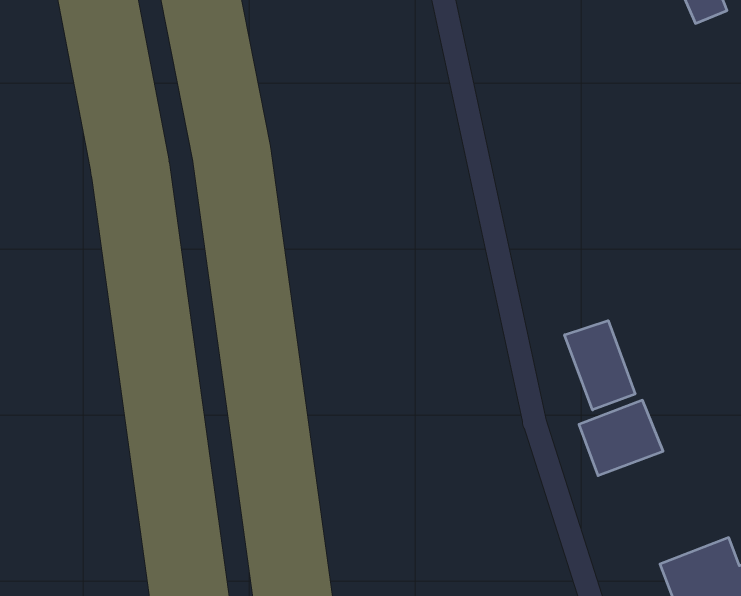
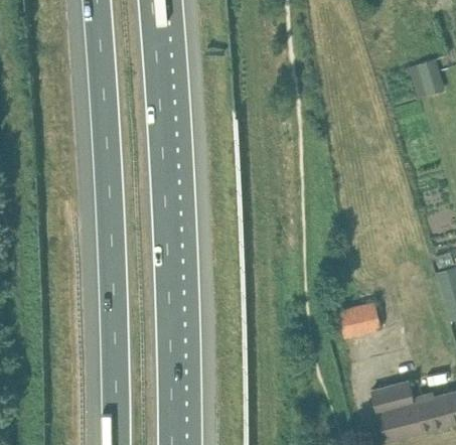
building: [565,321,635,410] -> none

